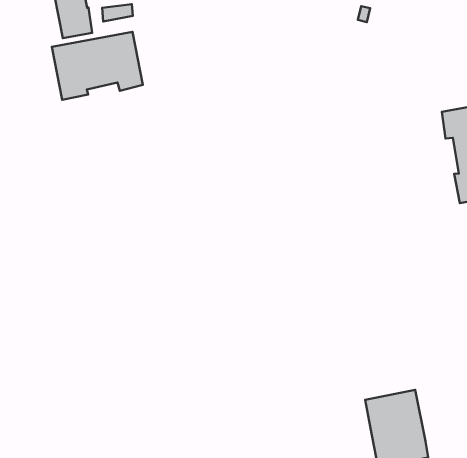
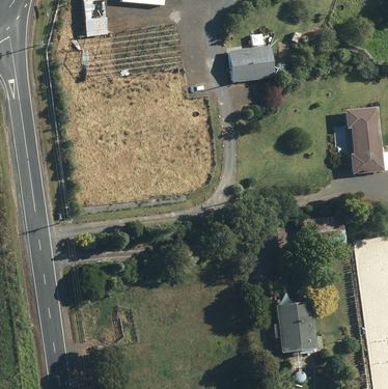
building: none -> [227,45,273,82]
building: [52,32,143,100] -> none

